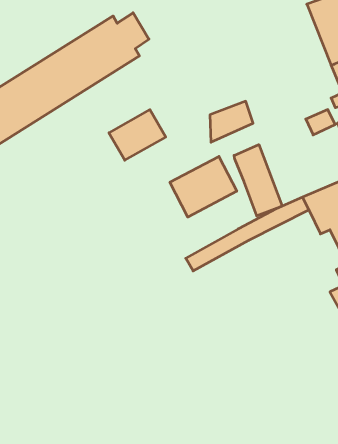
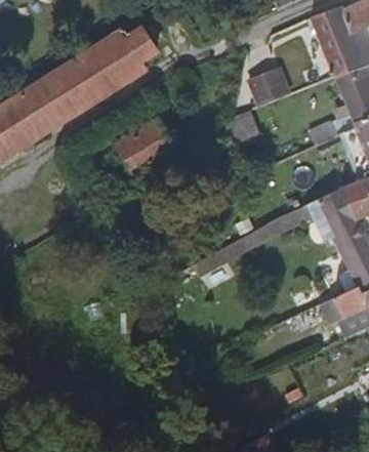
building: none -> [249,70,289,105]
building: [234,145,282,216] -> none
building: [170,156,237,217] -> none

